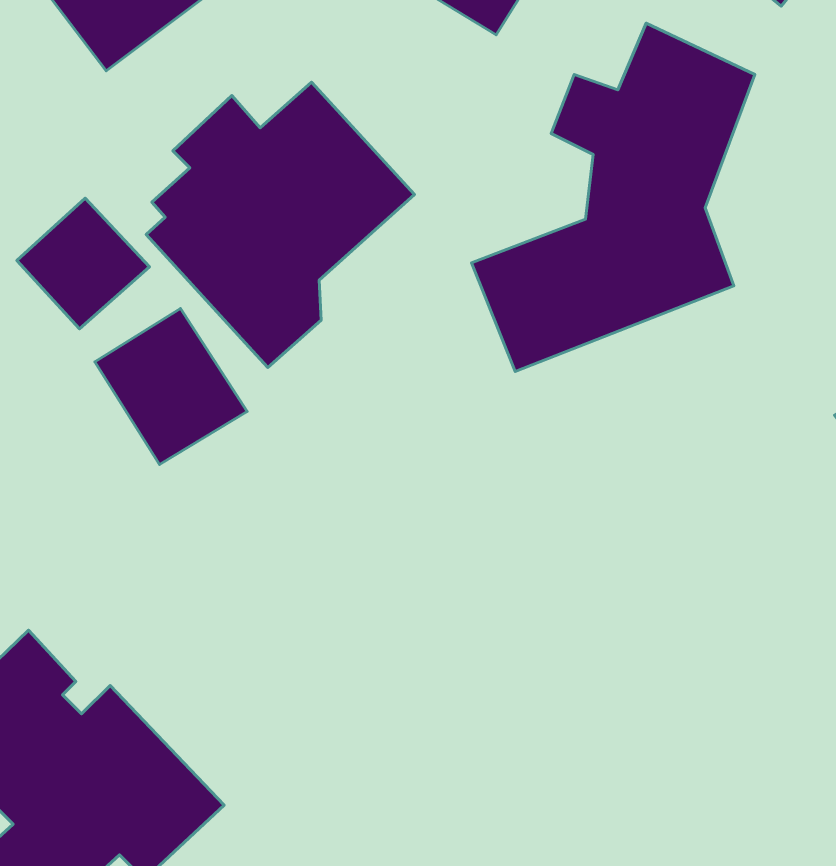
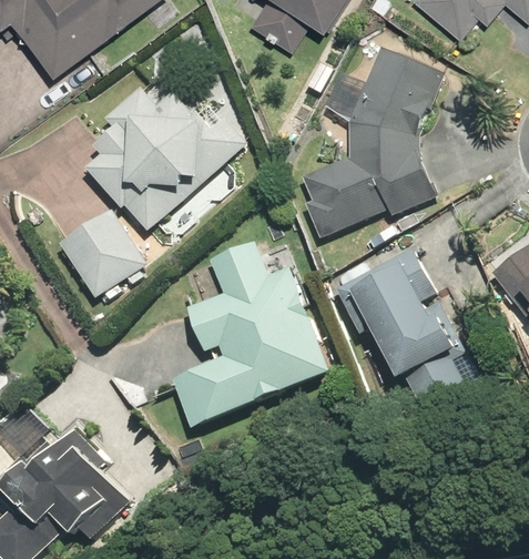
building: [17,198,150,329] -> none
building: none -> [171,236,333,435]
building: none -> [340,245,470,408]

